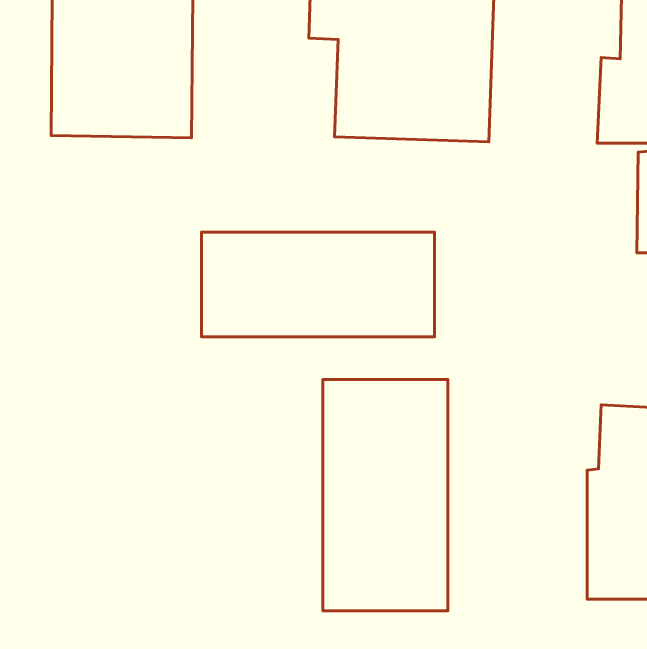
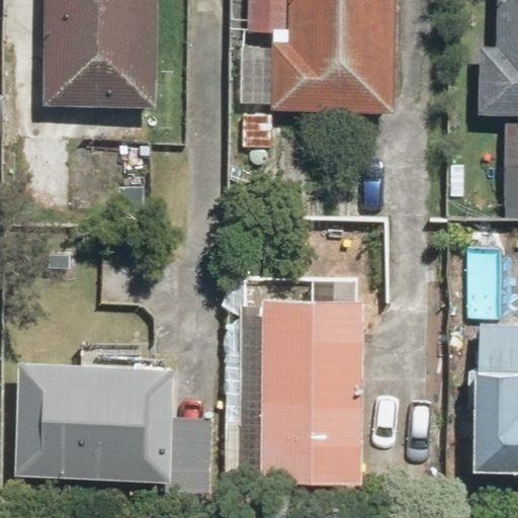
building: [202,232,434,337] -> none
building: none -> [12,362,171,482]

